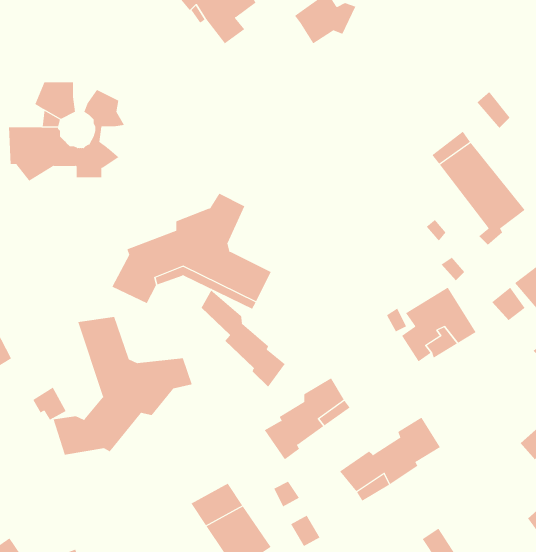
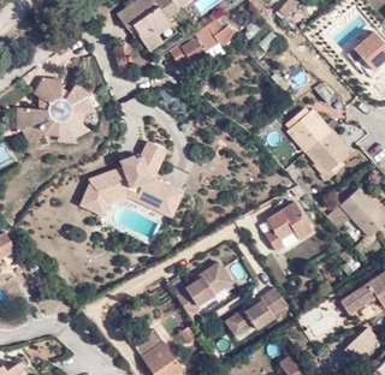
building: none -> [173,36,209,65]
building: [201,289,285,388] -> none
building: [53,316,192,455] -> none

